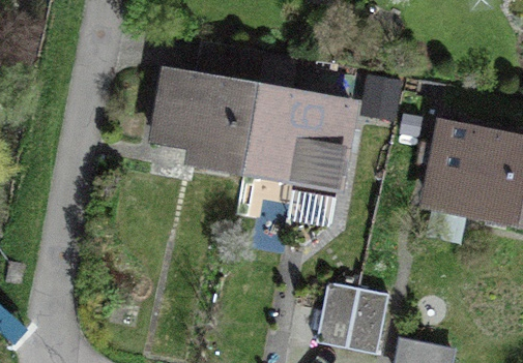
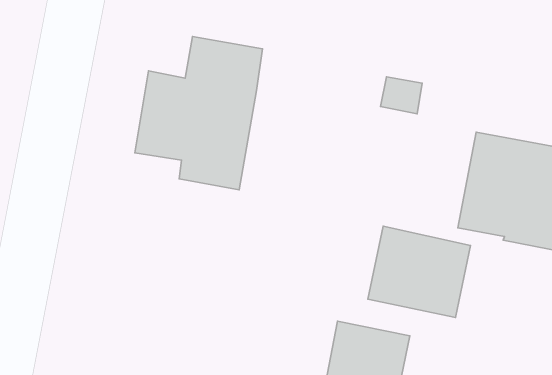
building: [244,88,350,188] -> none
building: none -> [368,226,470,317]

